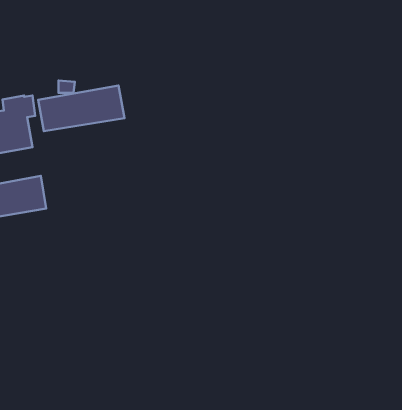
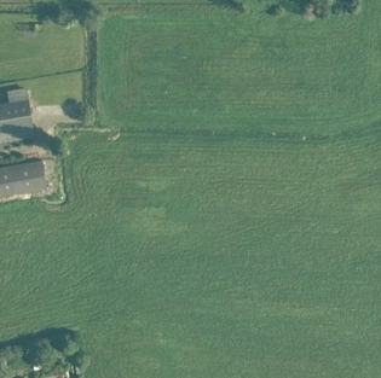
building: [38,86,124,131] -> none

